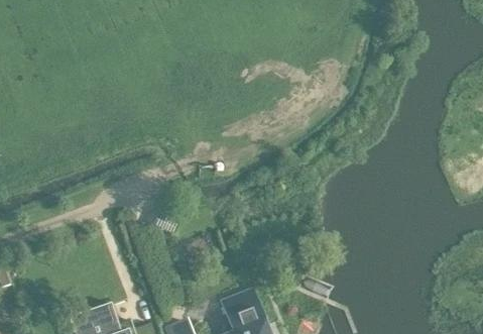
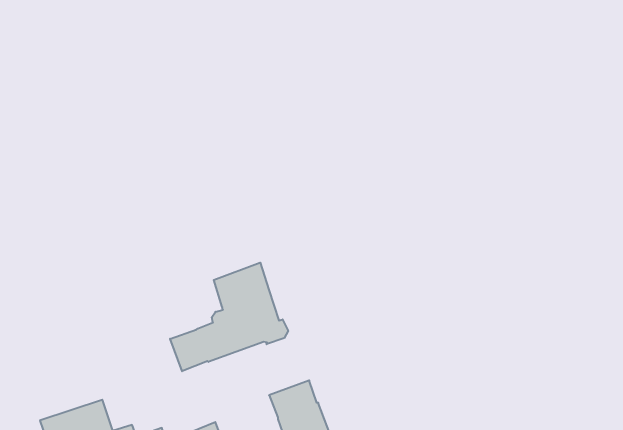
building: none -> [170,263,288,371]

